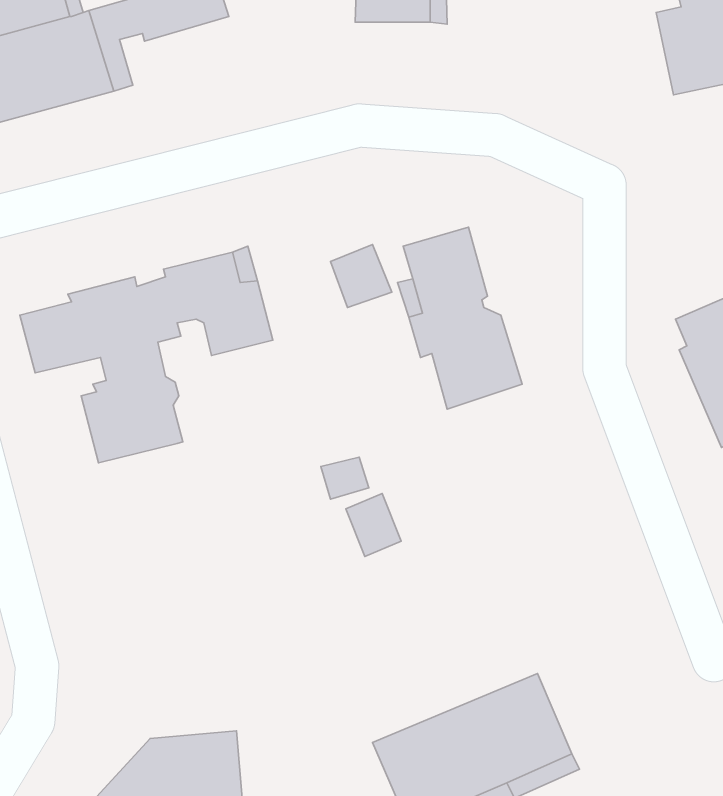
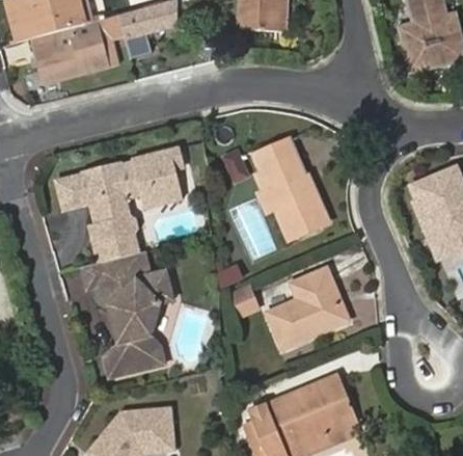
building: none -> [82,254,173,379]
building: none -> [264,271,343,349]

